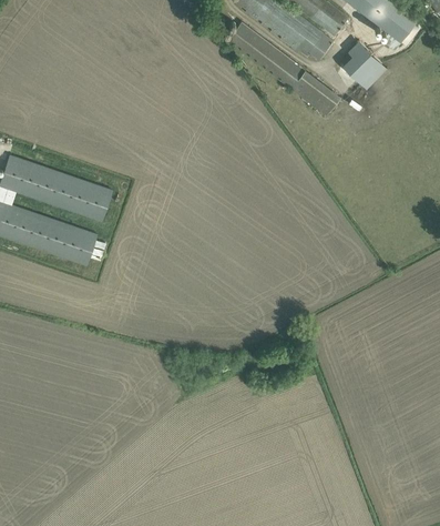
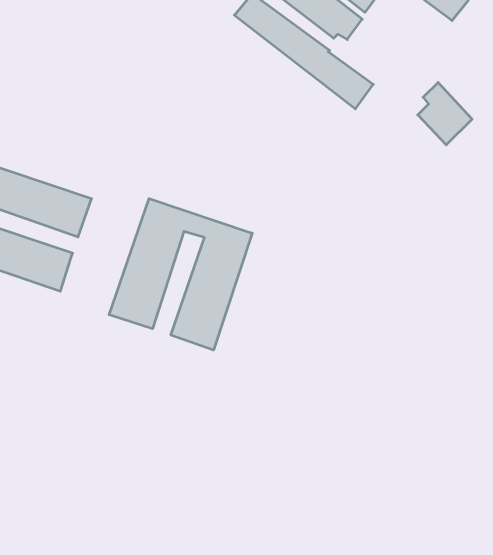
building: [345,38,389,89] -> [418,82,472,145]
building: none -> [109,199,252,350]

